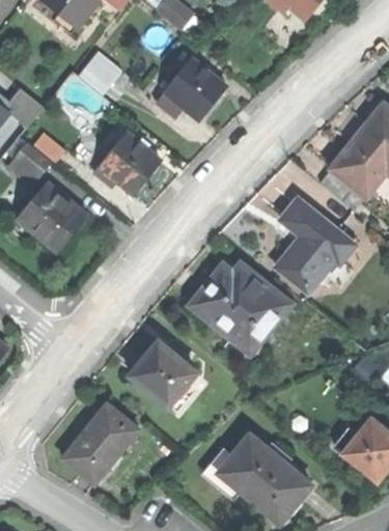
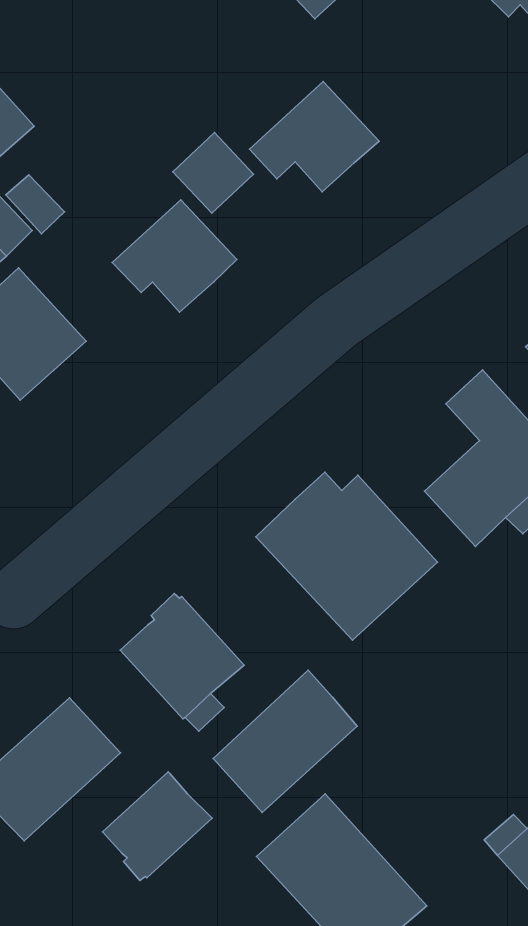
building: [79,51,121,93] -> [173,133,253,213]
building: none -> [213,670,357,813]
building: none -> [103,772,212,881]

